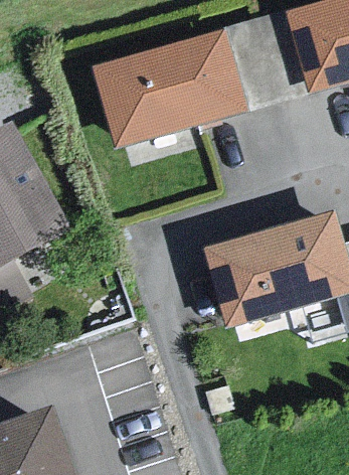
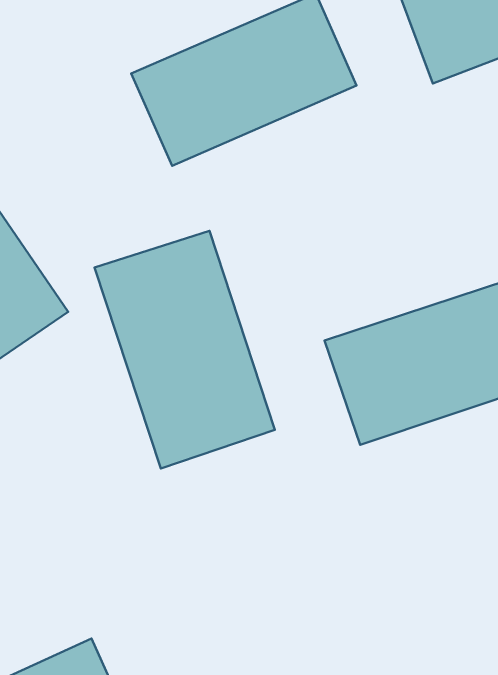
building: none -> [94,231,275,468]

